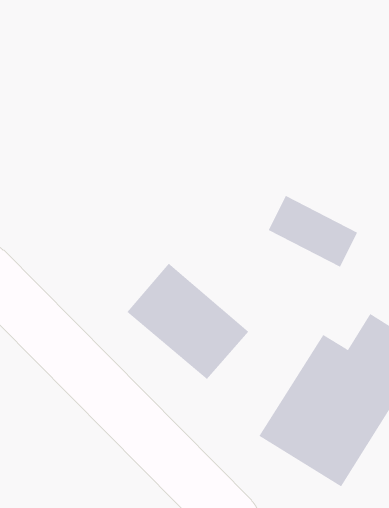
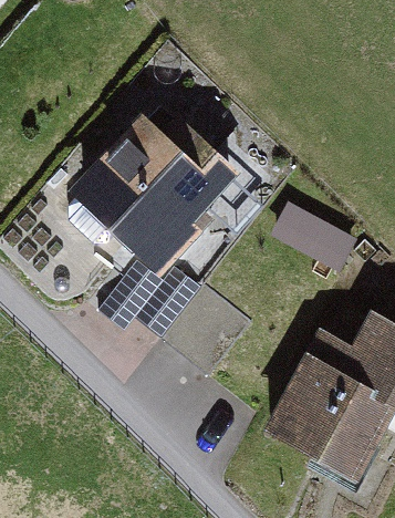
building: none -> [77,113,254,268]

